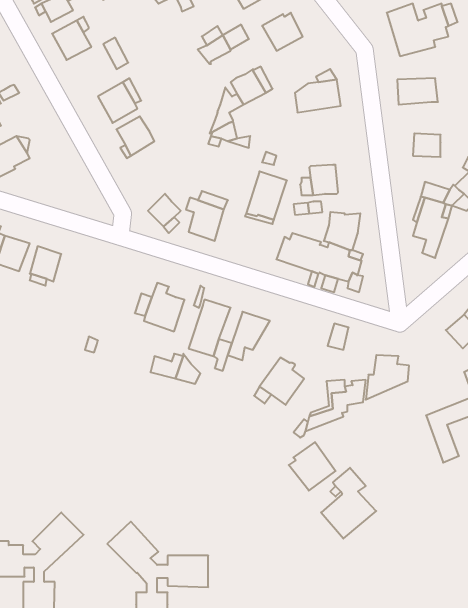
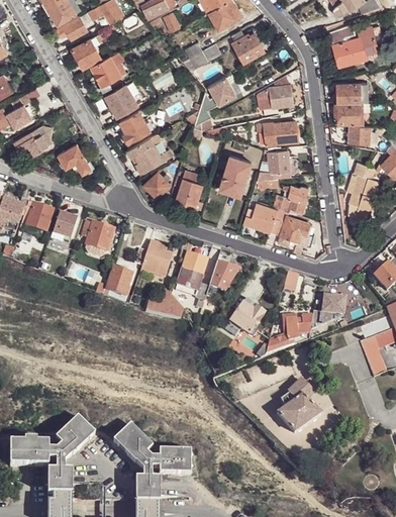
building: none -> [91,57,120,86]
building: none -> [337,101,363,123]
building: none -> [256,120,297,145]
building: none -> [127,134,169,174]
building: none -> [56,142,91,174]
building: none -> [82,221,114,254]
building: none -> [107,268,132,294]
building: [289,442,336,491] -> none

